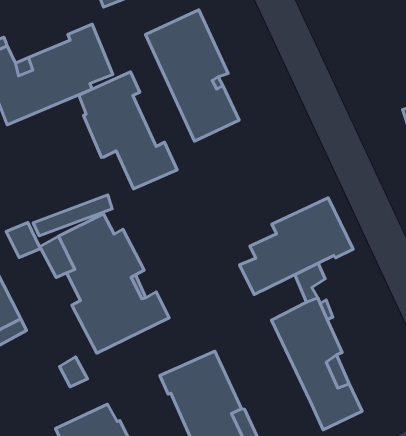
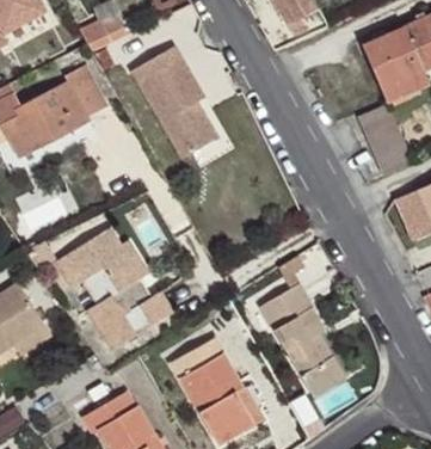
building: [79,72,177,189] -> none
building: [240,198,353,294] -> none

